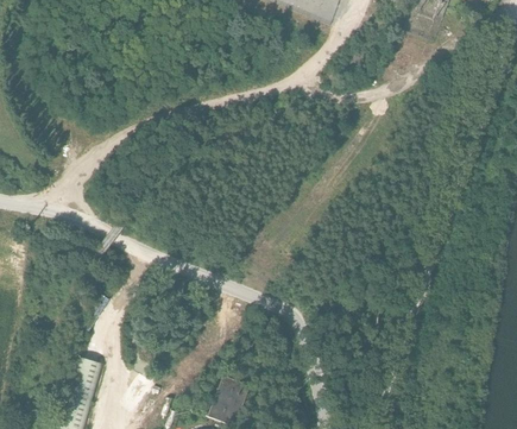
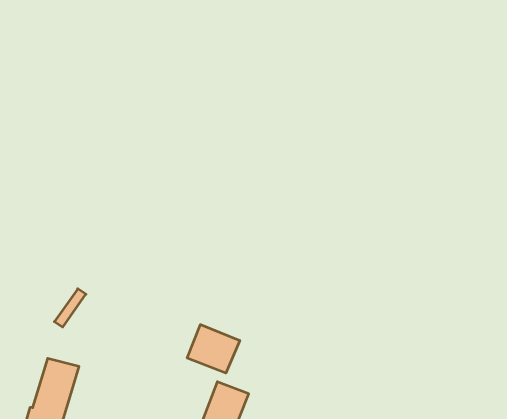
building: none -> [187,325,240,373]

